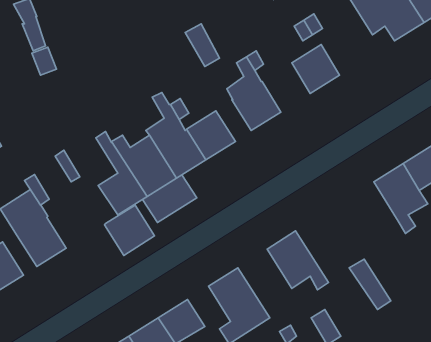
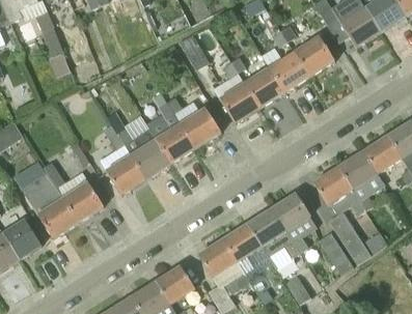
building: none -> [294,35,334,77]
building: none -> [244,66,284,108]
building: [143,175,197,222] -> none
building: none -> [313,167,370,264]
building: [104,205,155,255] -> [61,180,104,223]
building: none -> [272,193,318,252]
building: none -> [223,224,269,282]

